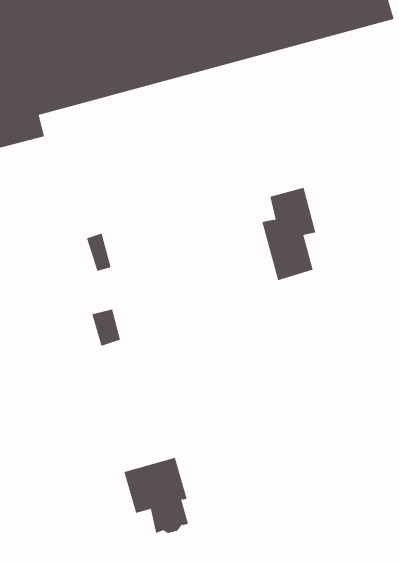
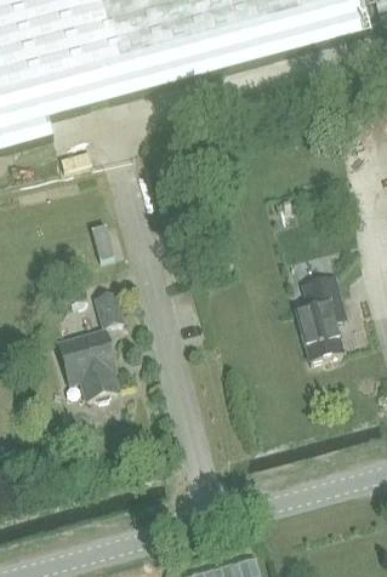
building: [261,187,316,281] -> [294,274,343,359]
building: [123,457,189,533] -> [56,327,115,396]

